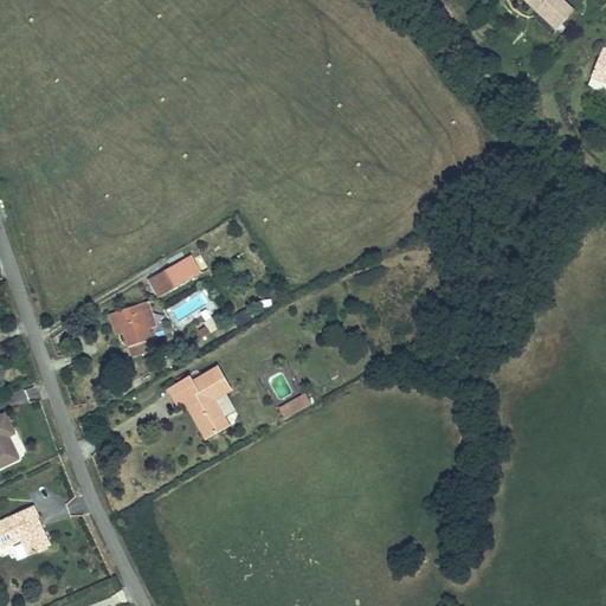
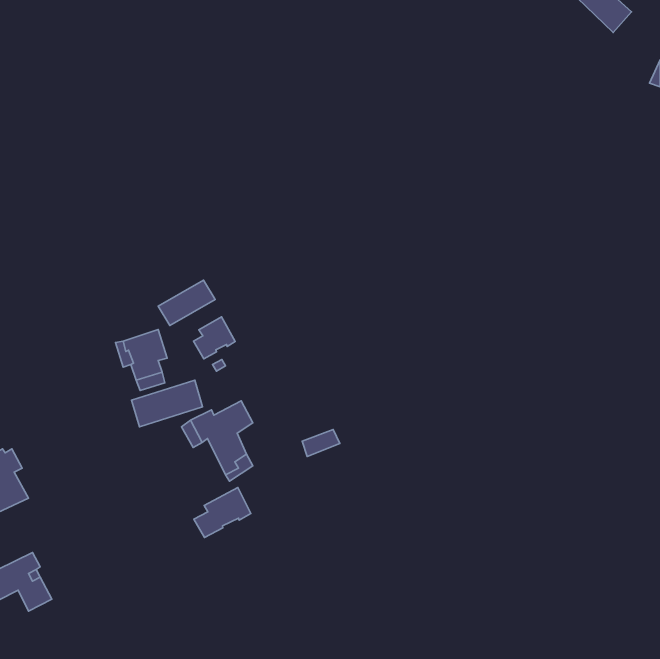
building: none -> [193,317,235,359]
building: none -> [132,380,203,427]
building: none -> [194,488,251,538]

